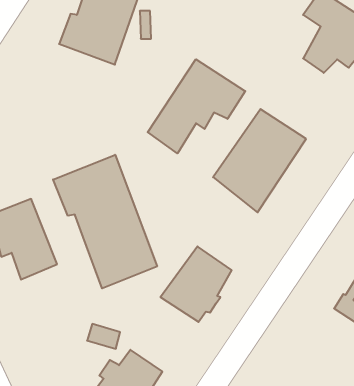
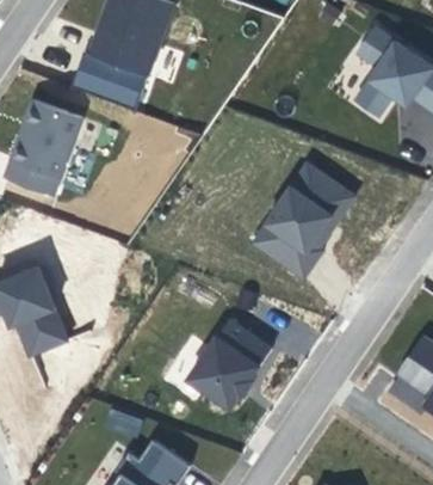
building: none -> [8,97,85,195]
building: [148,59,245,153] -> none
building: [53,155,157,288] -> none

